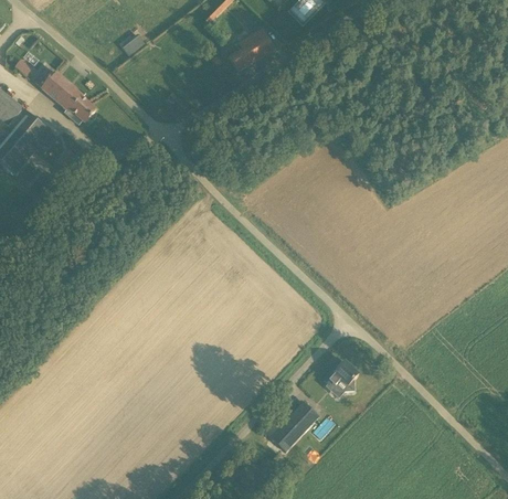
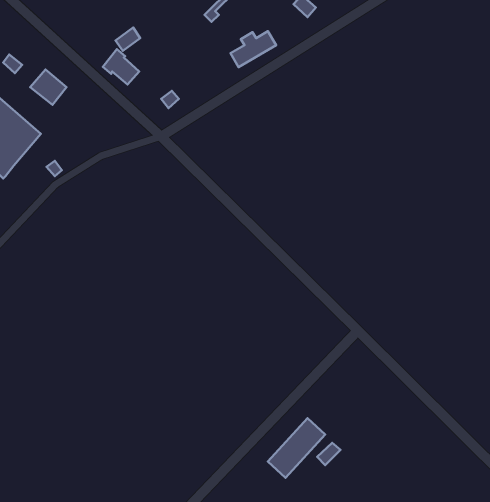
building: [62,88,96,121] -> [103,49,139,84]
building: [324,361,358,392] -> none

